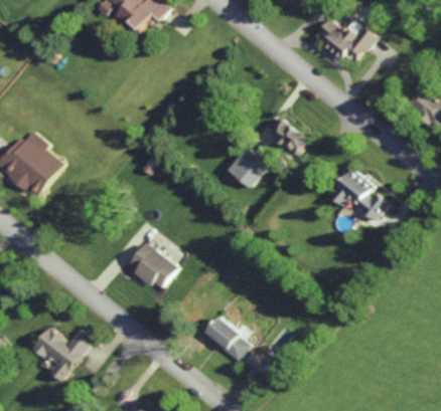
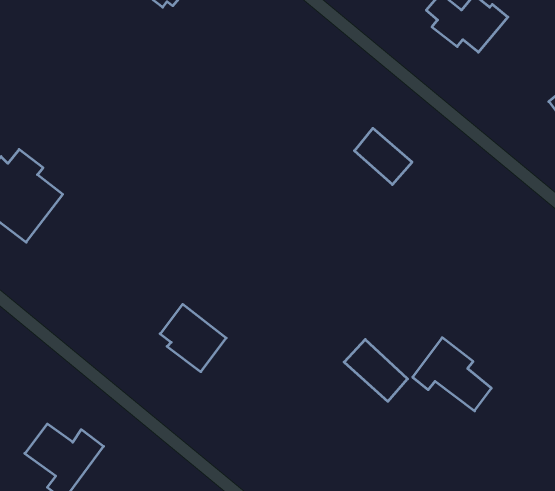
building: [228,143,267,187] -> none
building: [329,168,386,220] -> [413,338,491,411]
building: [203,316,249,360] -> [344,339,408,401]

